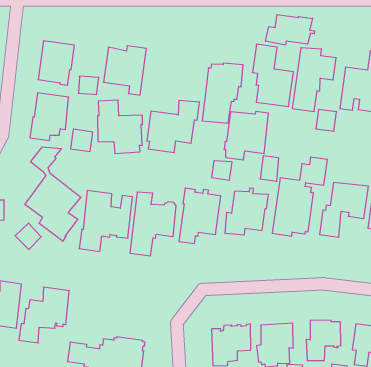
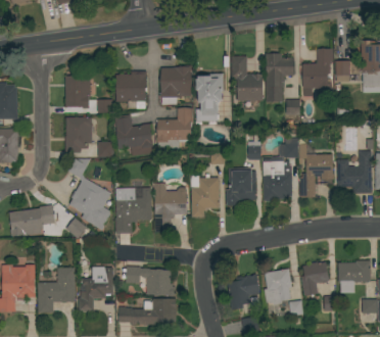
building: [266,15,315,45] -> none
building: [224,112,269,160] -> [160,65,192,104]
building: none -> [123,267,176,296]

